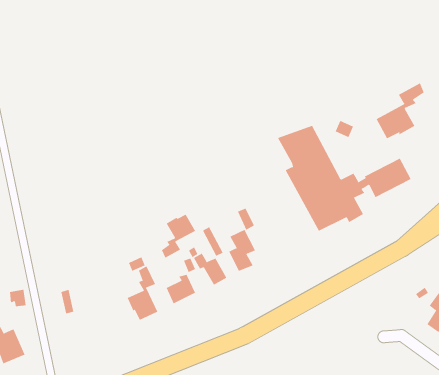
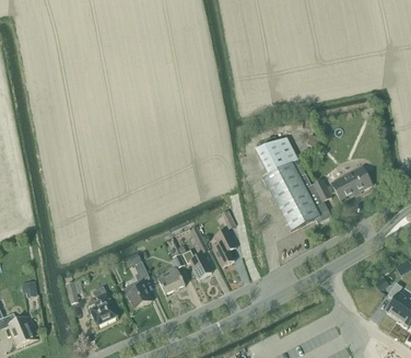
building: [376,83,425,139] -> none
building: [161,214,196,259] -> none
building: none -> [87,286,116,325]

